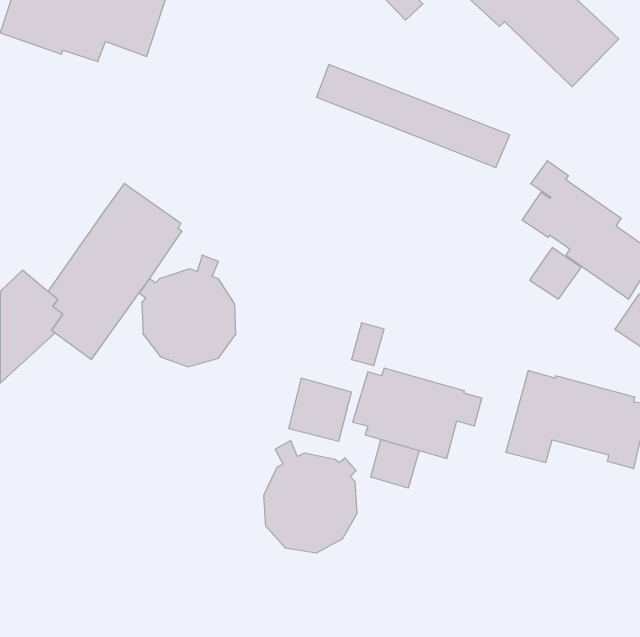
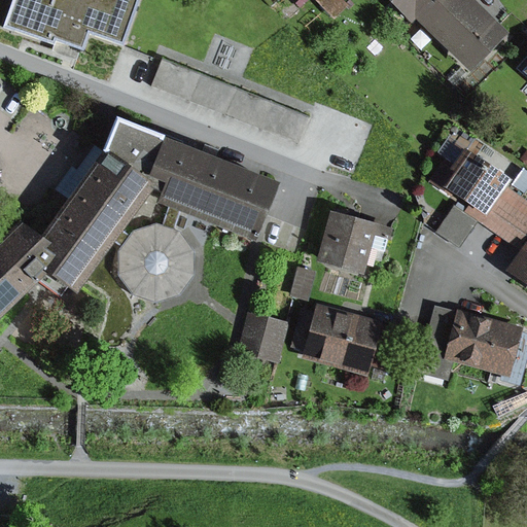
building: [316,65,510,168] -> [151,58,310,142]
building: none -> [101,117,277,243]
building: none -> [316,206,391,273]
building: [371,439,419,488] -> none
building: [264,440,357,553] -> none

